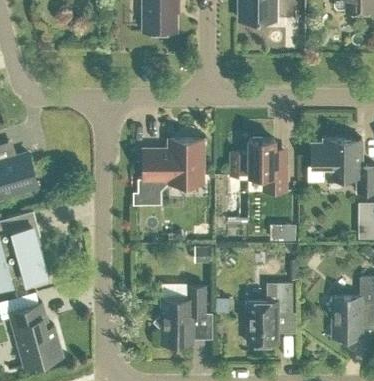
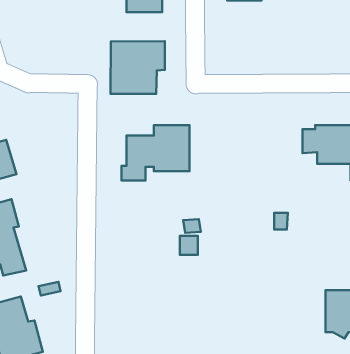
building: none -> [111,41,165,94]
building: [231,140,286,191] -> none
building: [247,284,292,344] -> none
building: [153,287,205,344] -> none

